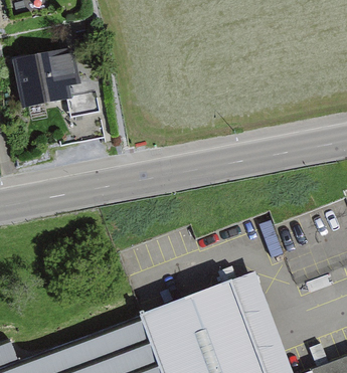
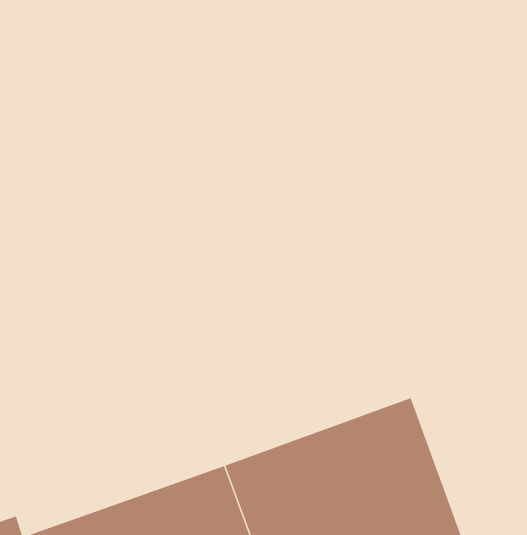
building: [16,49,76,107] -> none

